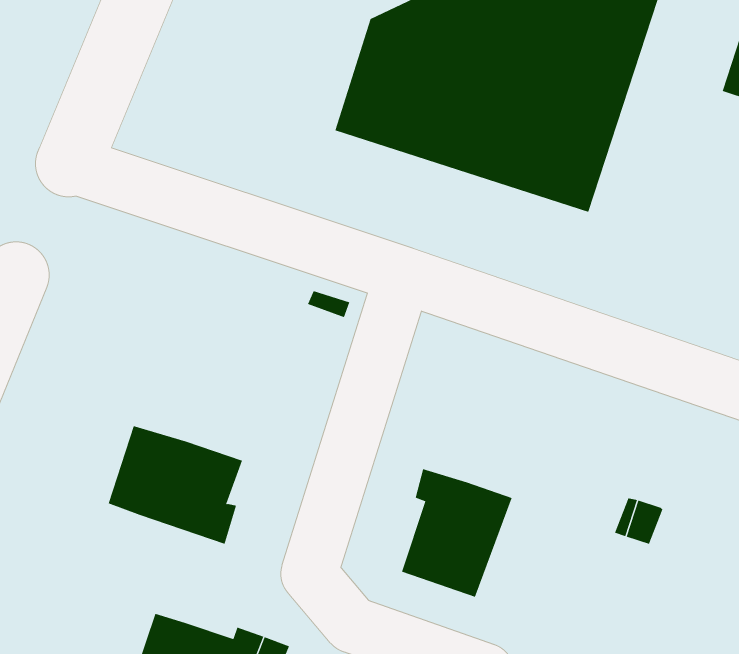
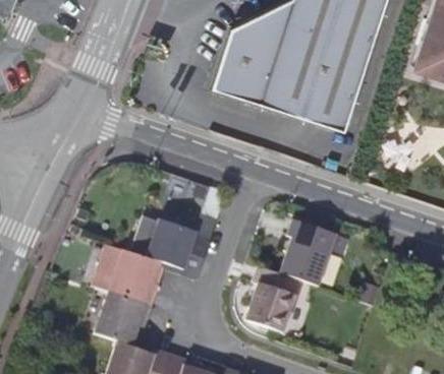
building: none -> [133,213,218,278]
building: none -> [280,219,337,287]
building: none -> [95,290,154,346]

